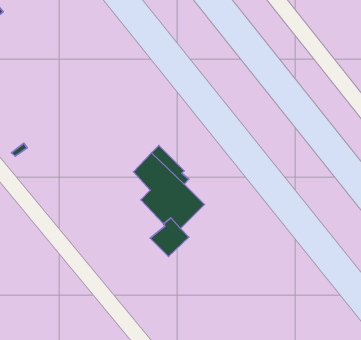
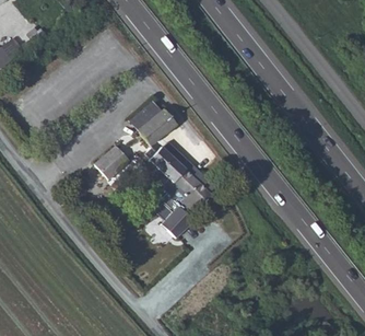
building: none -> [128,101,177,144]
building: none -> [94,147,129,181]

